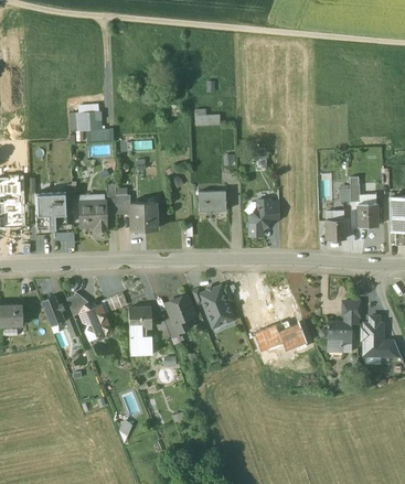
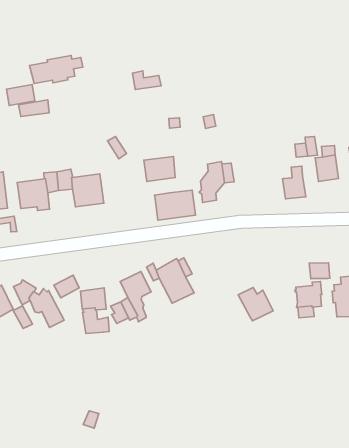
building: none -> [29,55,83,84]
building: none -> [154,190,196,220]
building: [254,324,284,351] -> none

